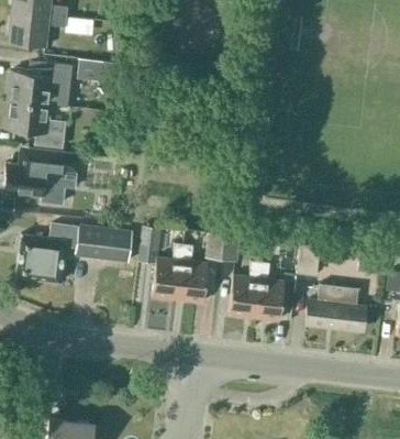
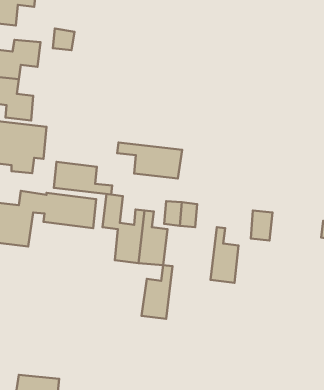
building: none -> [117,142,182,179]
building: none -> [54,162,112,194]
building: [229,261,262,318] -> [142,265,172,319]
building: [307,285,366,331] -> none

